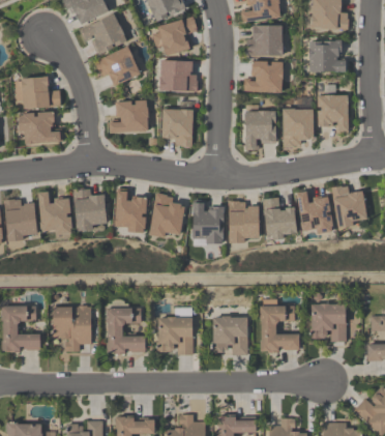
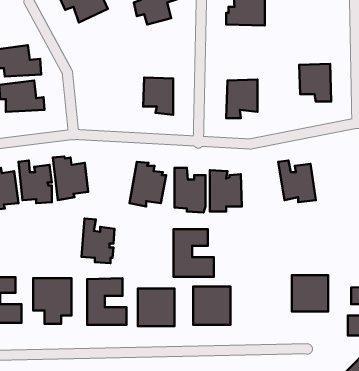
building: [309,40,349,71] -> none
building: [94,46,140,86] -> none
building: [159,60,197,91] -> none
building: [243,61,283,92] -> none
building: [109,100,148,133] -> none
building: [282,109,314,146] -> none
building: [330,185,367,228] -> none
building: [114,187,147,232] -> [81,218,115,263]
building: [261,197,297,239] -> none
building: [260,306,300,353] -> [173,229,214,277]

